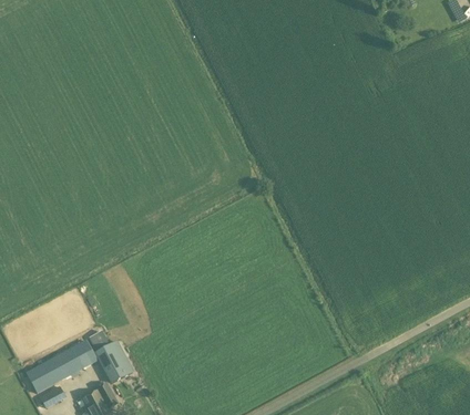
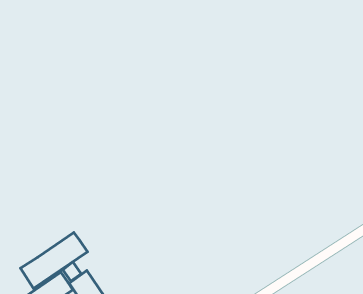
building: none -> [21,233,87,288]

